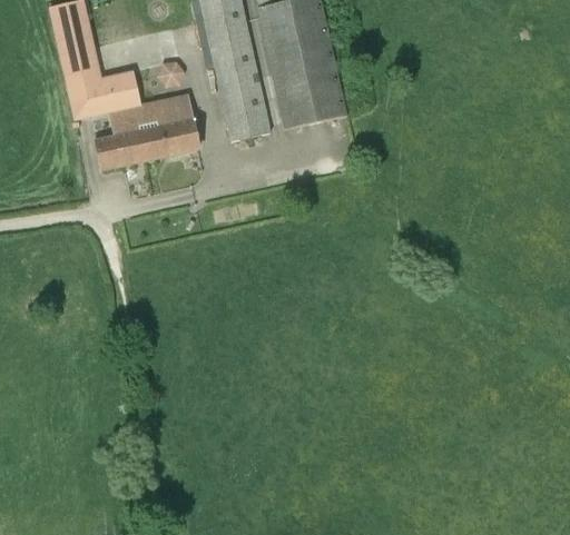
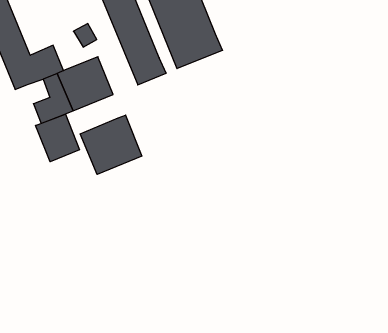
building: none -> [36,114,80,162]
building: none -> [80,115,142,174]

